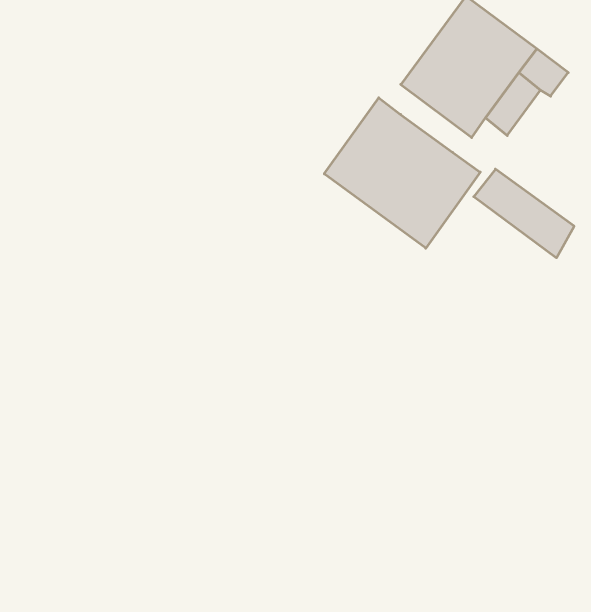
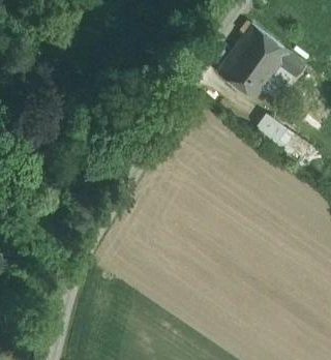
building: [324,98,480,248] -> none

